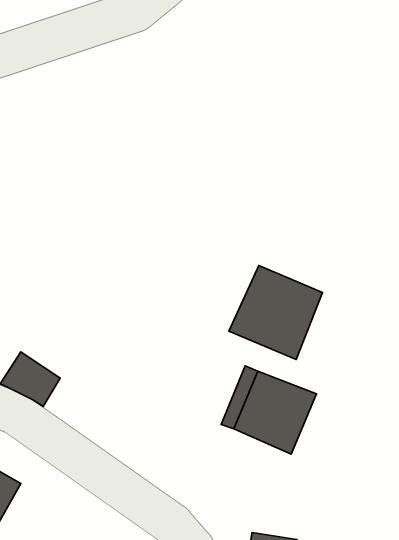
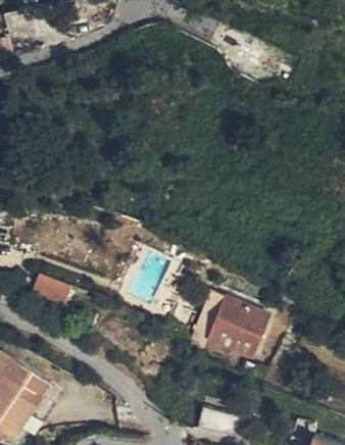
building: [229,266,323,359] -> none

